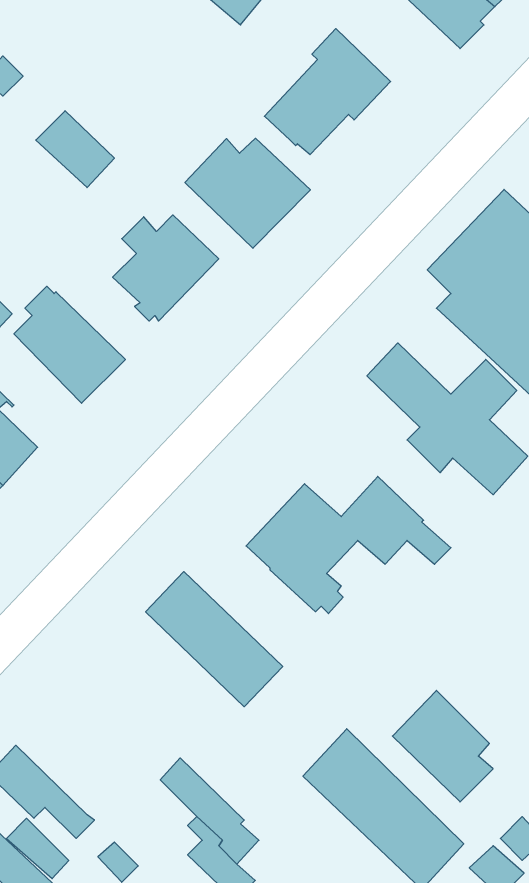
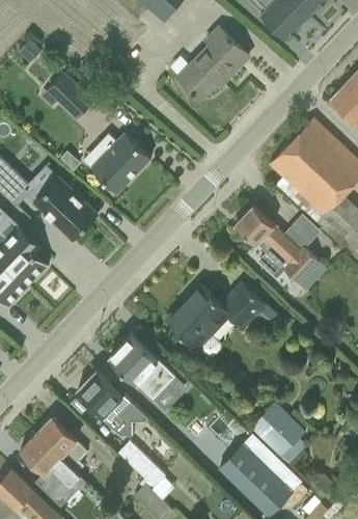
building: [185,138,310,248] -> none
building: none -> [78,370,147,435]
building: none -> [36,416,88,472]

